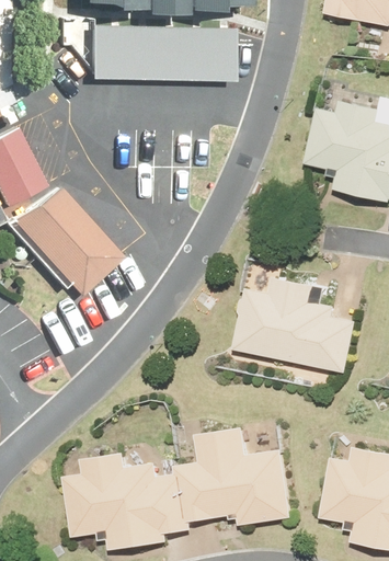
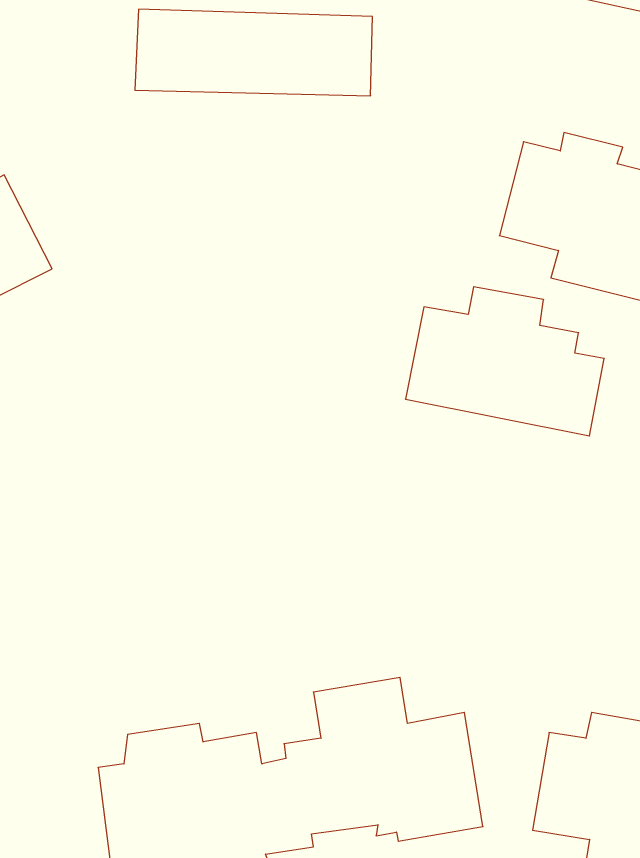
building: [13,183,121,294] -> none
building: [234,279,353,368] -> [405,287,604,436]

